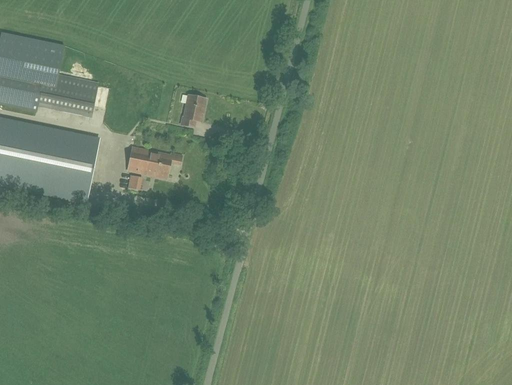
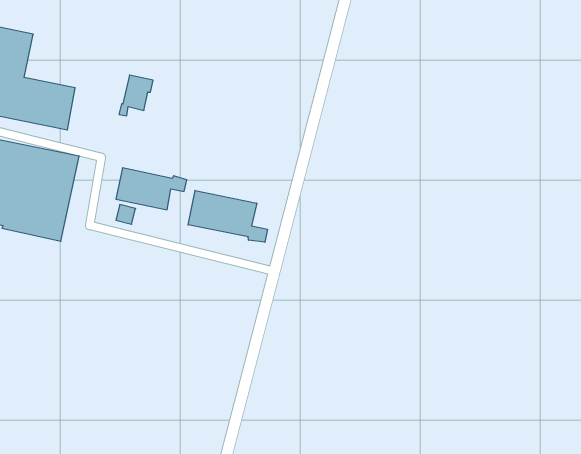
building: [180,94,206,125] -> [119,75,153,116]
building: none -> [188,190,267,242]

